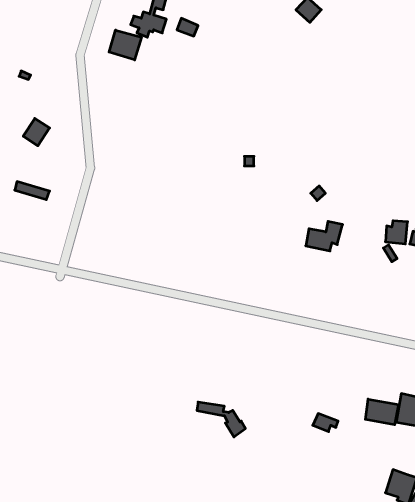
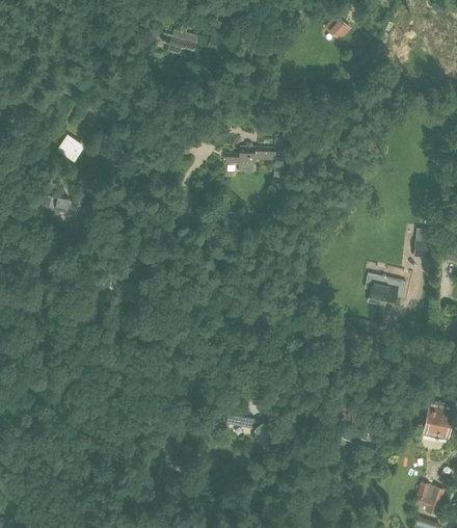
building: [109,30,141,60] -> none
building: none -> [224,148,275,164]
building: [306,221,343,251] -> [369,274,405,303]
building: [365,399,398,425] -> none

